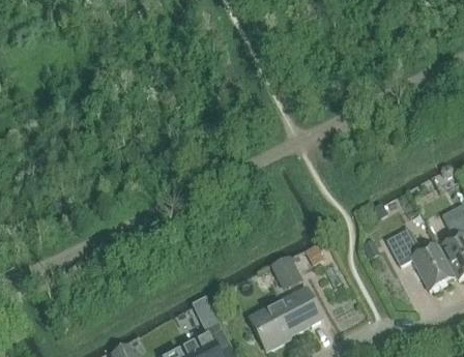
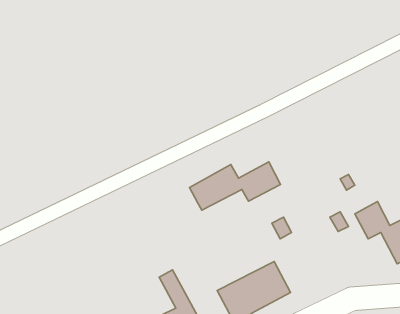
building: none -> [189,162,280,210]
building: [270,255,302,290] -> none

